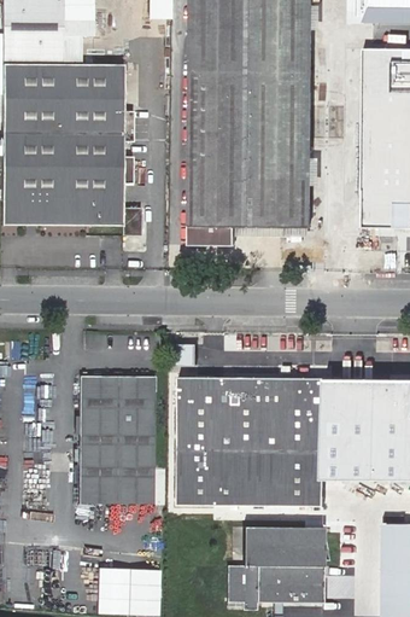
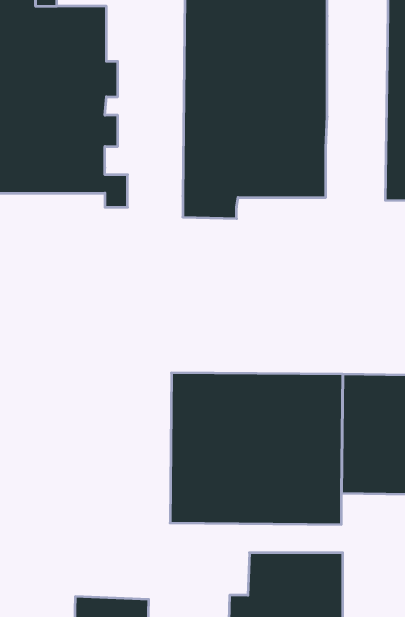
building: [78,377,154,505] -> none

